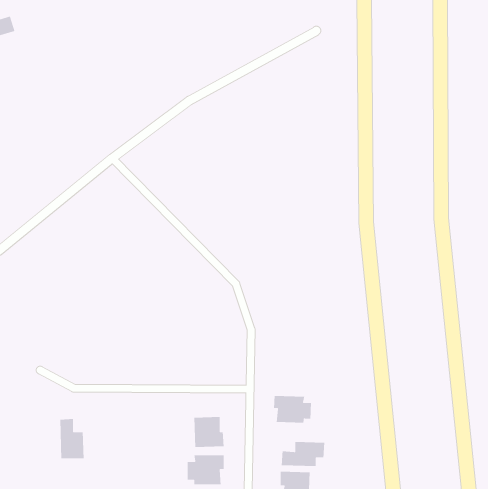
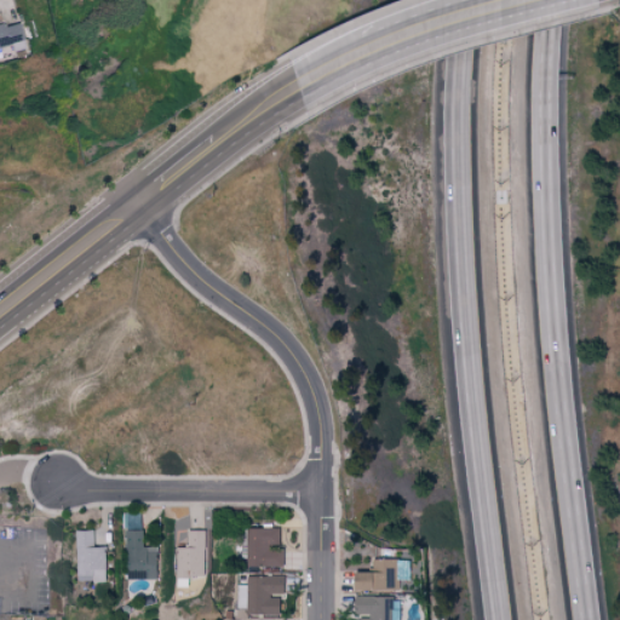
building: [273,395,312,423] -> none
building: none -> [174,529,206,578]
building: none -> [125,530,157,579]

